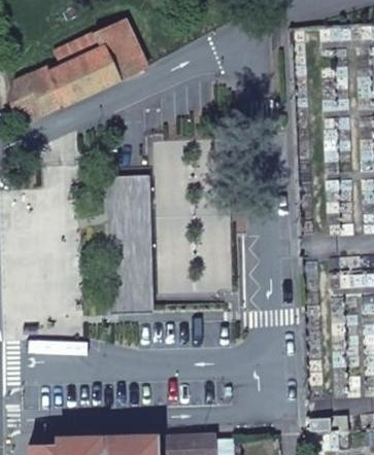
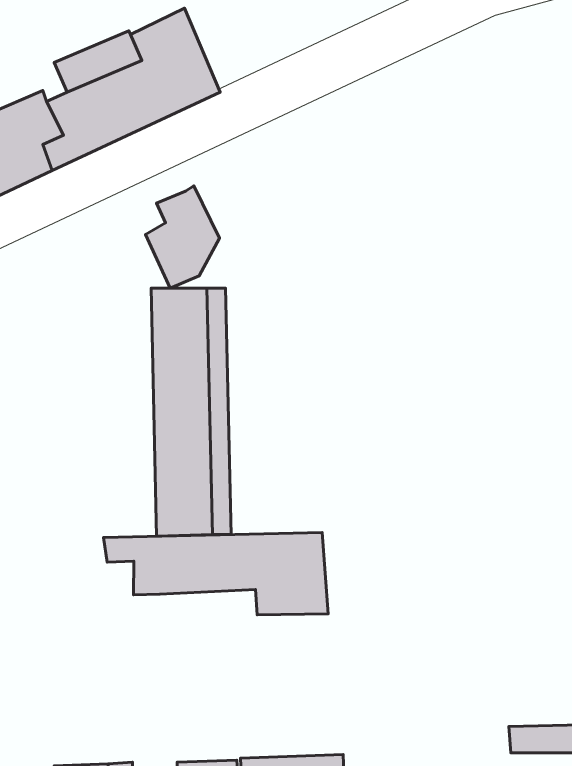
building: none -> [146,186,219,288]
building: none -> [104,533,328,615]

